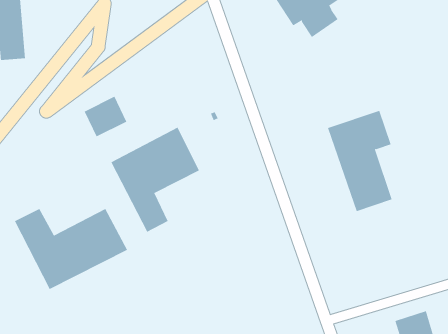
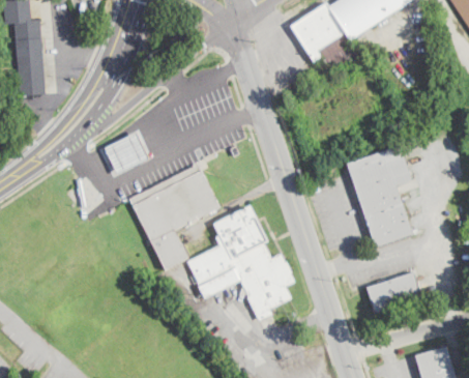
building: none -> [185,202,295,322]
building: [14,208,128,290] -> none
building: none -> [367,272,420,312]

